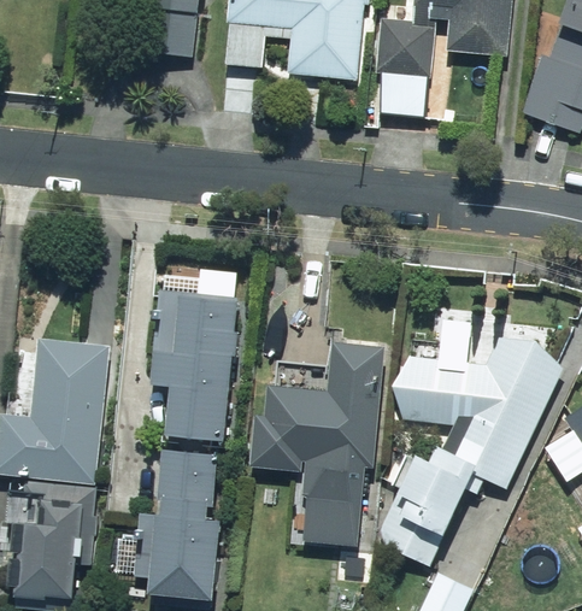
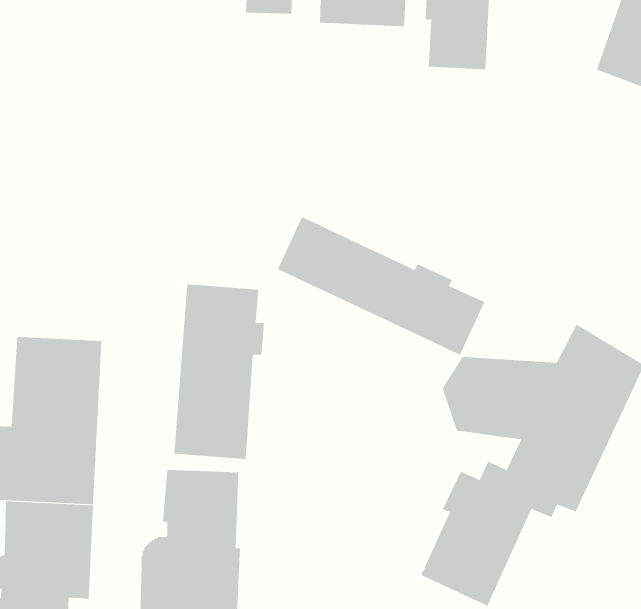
building: none -> [277,216,485,355]
building: [251,343,382,542] -> none

